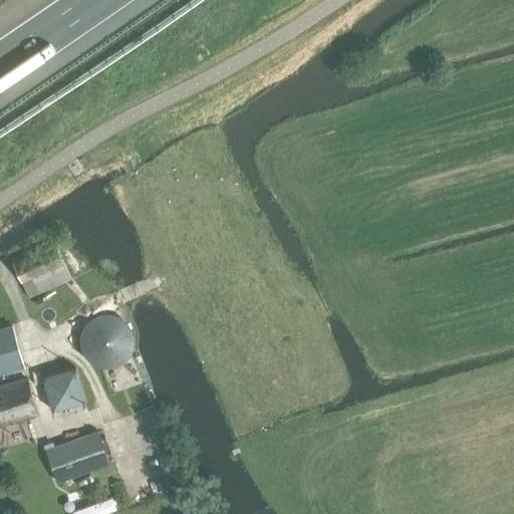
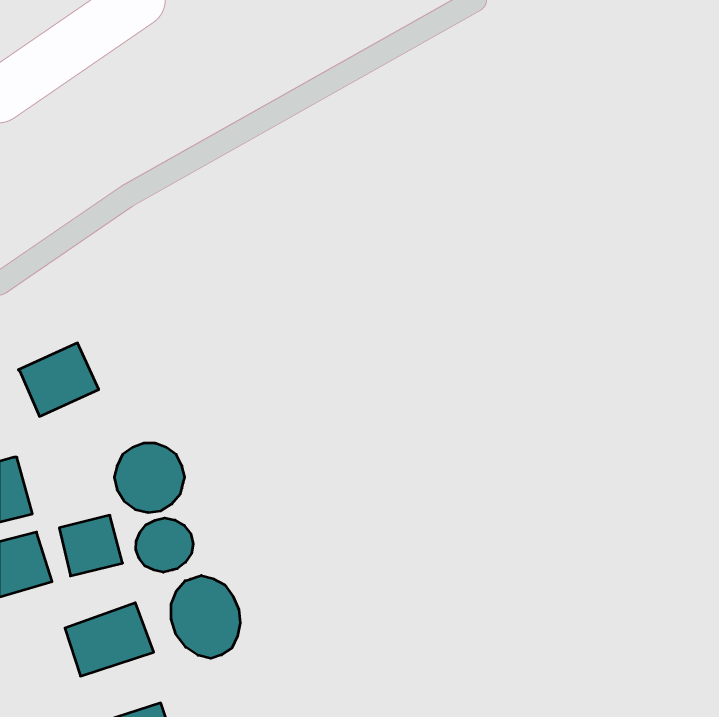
building: none -> [136,518,193,572]
building: none -> [171,575,240,658]

